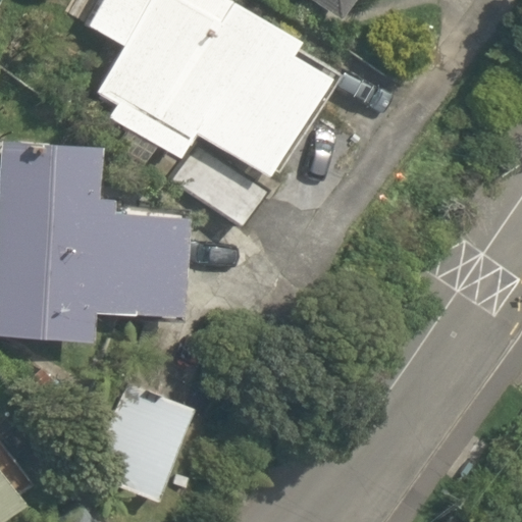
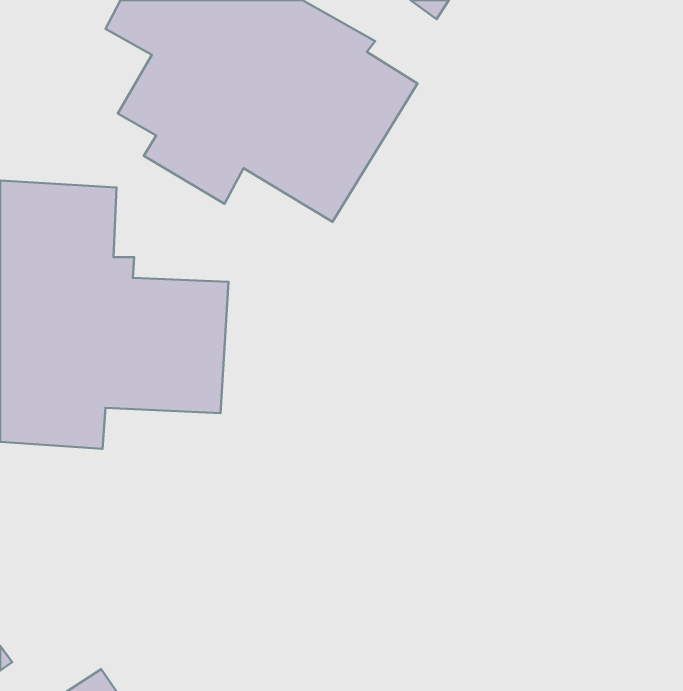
building: [97,385,196,503] -> none

